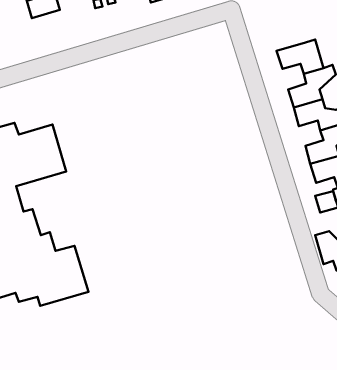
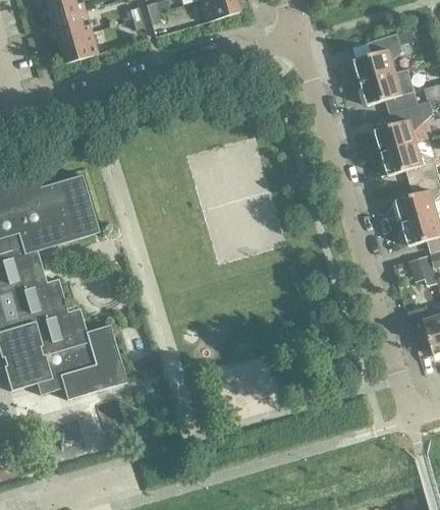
building: none -> [56,31,98,63]
building: none -> [353,32,402,81]

